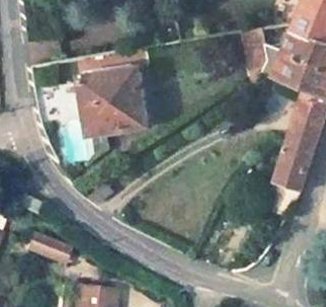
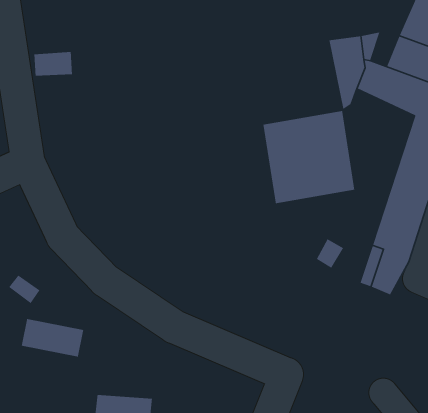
building: [81,66,148,134] -> [263,110,355,204]

